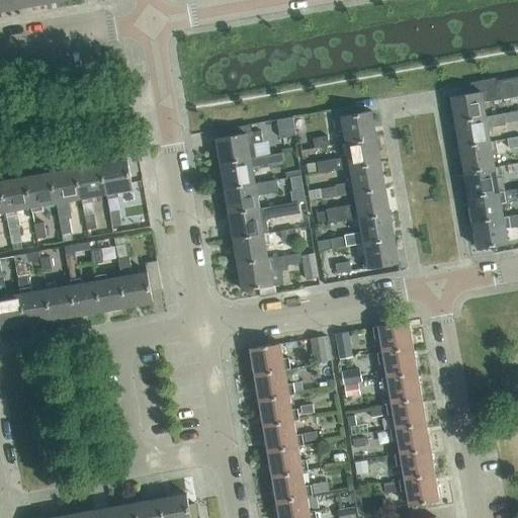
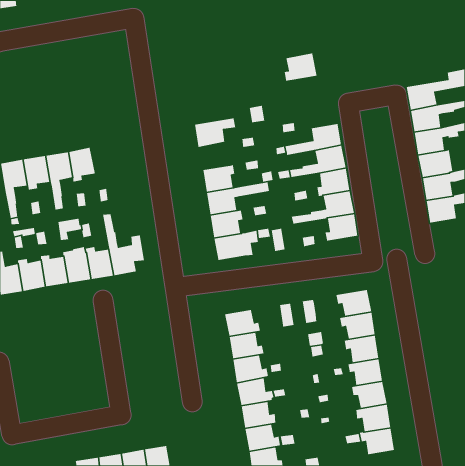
building: [338,110,375,143] -> [284,52,317,82]
building: [220,157,257,188] -> none
building: [100,159,132,198] -> none

